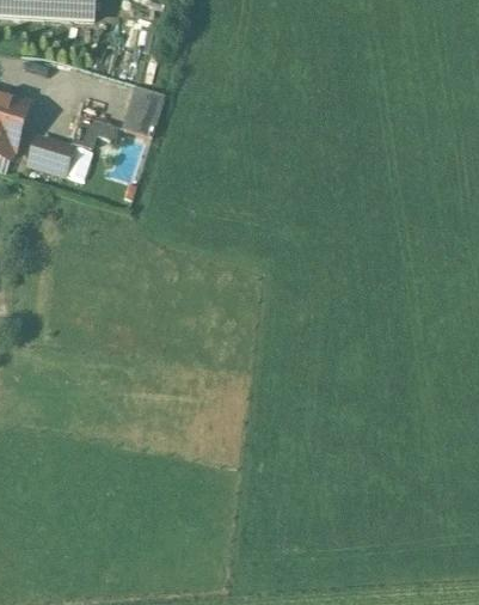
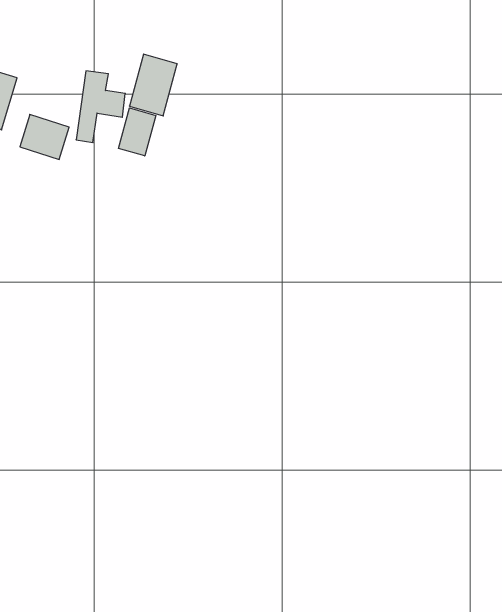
building: none -> [119,108,156,156]

